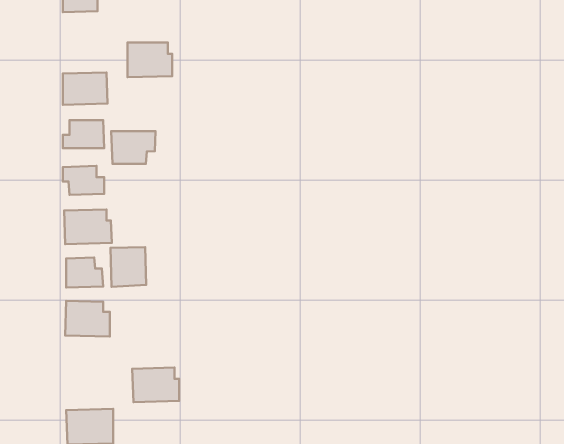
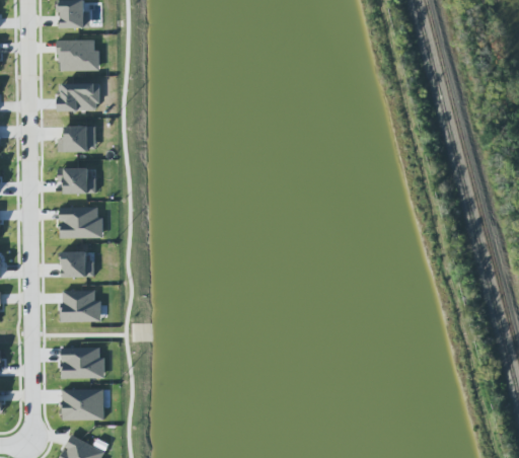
building: [128,43,172,77] -> [59,40,99,71]
building: [111,131,155,164] -> none
building: [110,247,146,287] -> none
building: [132,368,179,402] -> [62,347,104,378]

